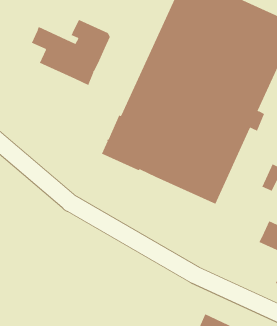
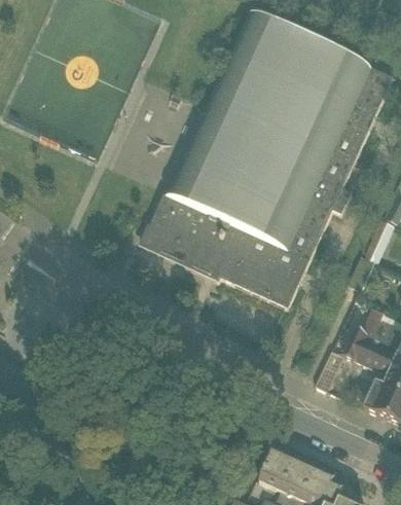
building: [31,19,111,86] -> none

